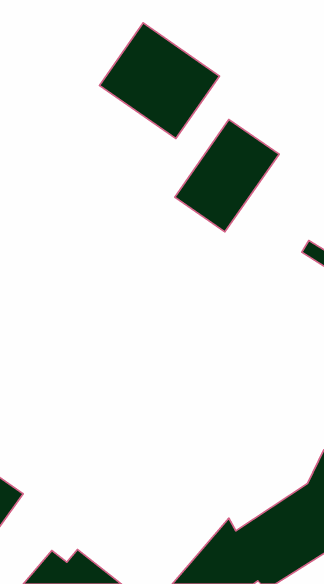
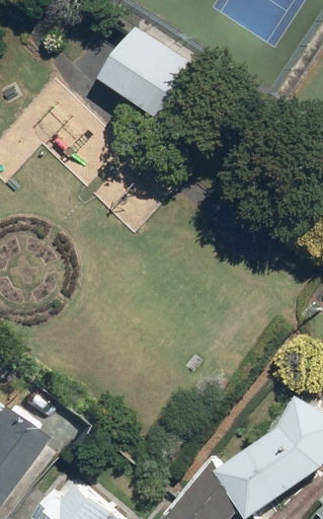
building: [175,120,279,232] -> none

